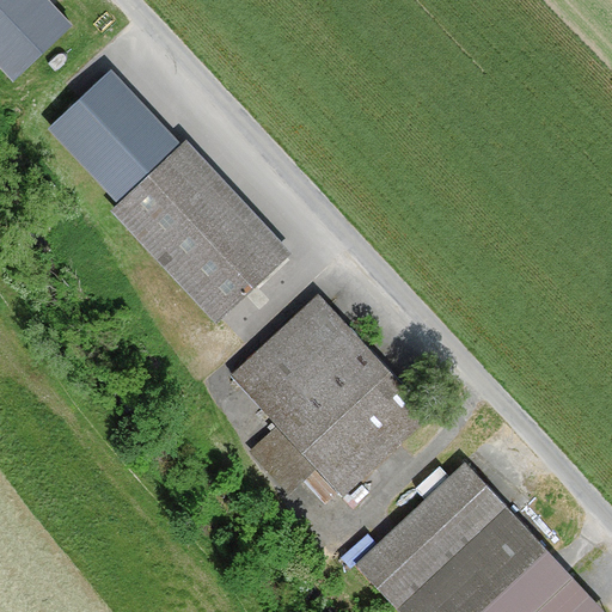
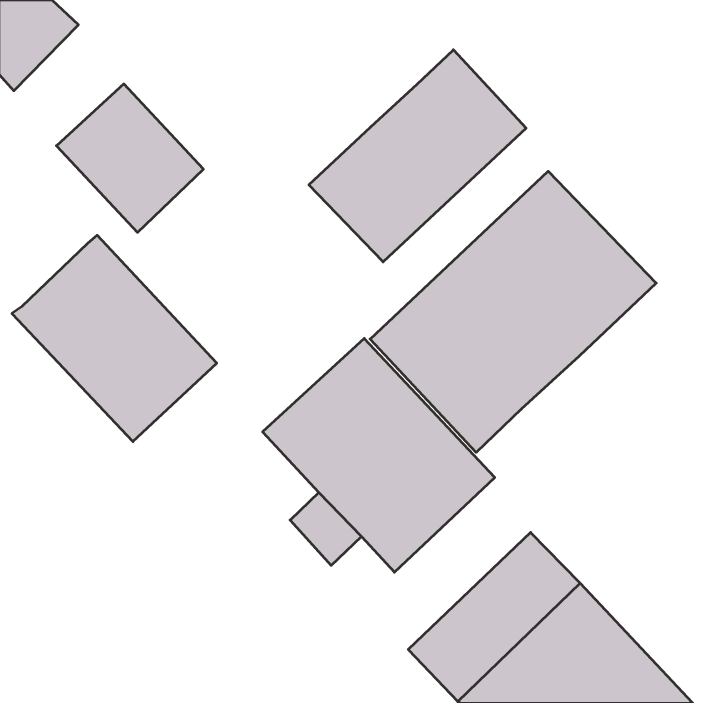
building: none -> [309,50,526,262]
building: [111,140,289,319] -> [12,235,217,442]
building: none -> [370,171,656,452]

